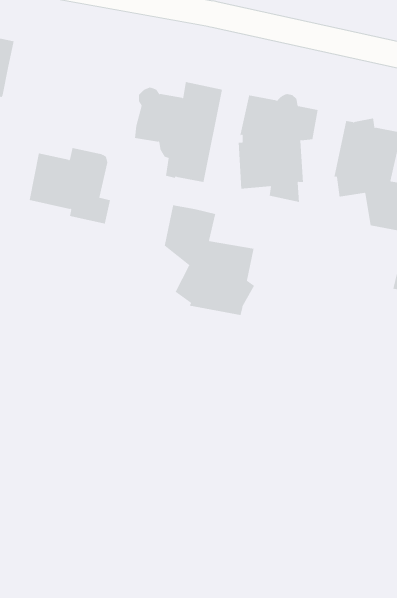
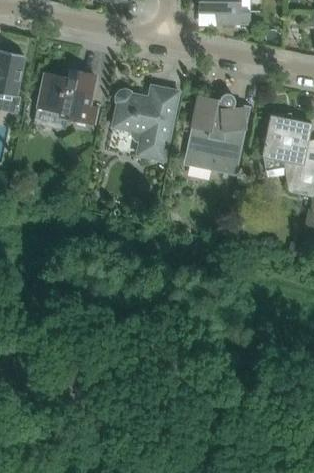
building: [29,148,111,224] -> [37,68,98,125]
building: [164,205,255,316] -> none

